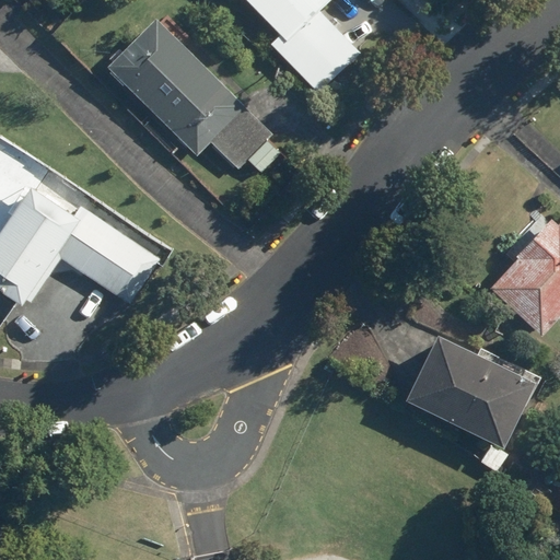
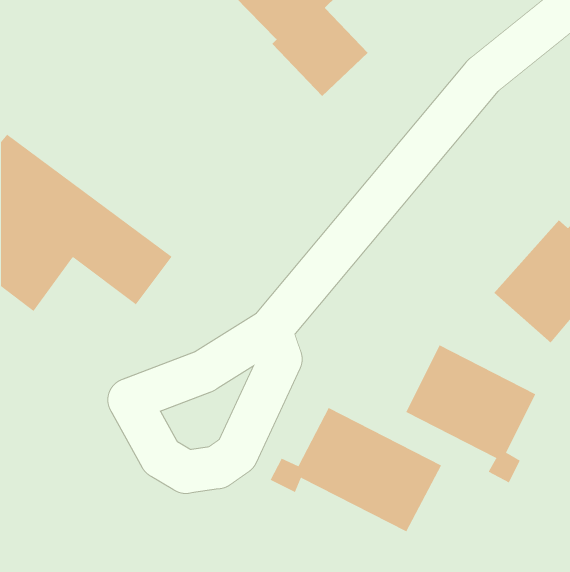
building: [106,18,282,173] -> none
building: none -> [270,407,442,532]

